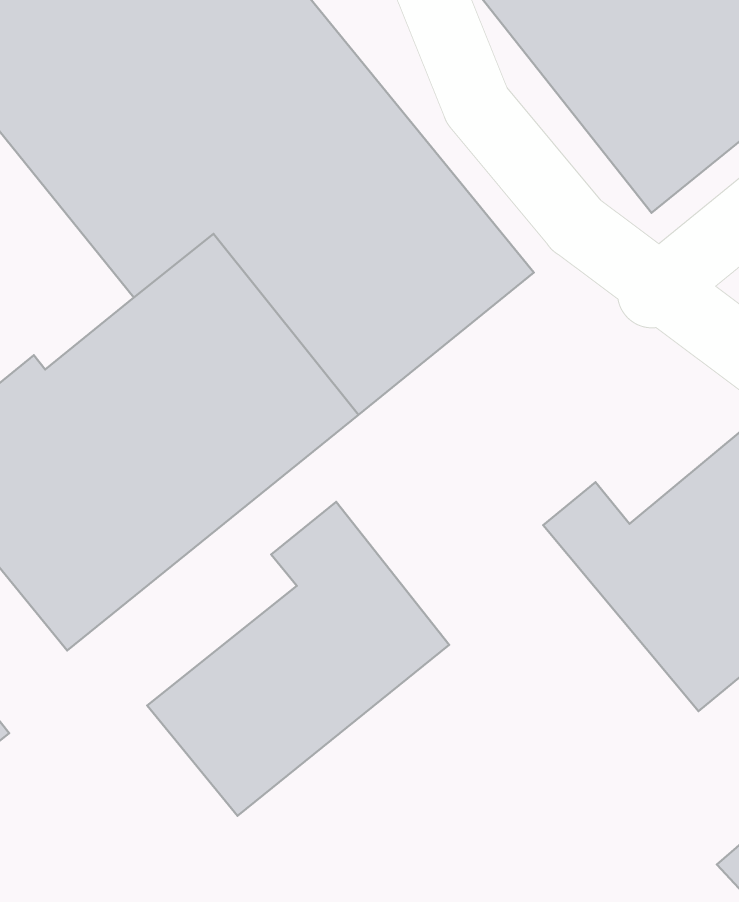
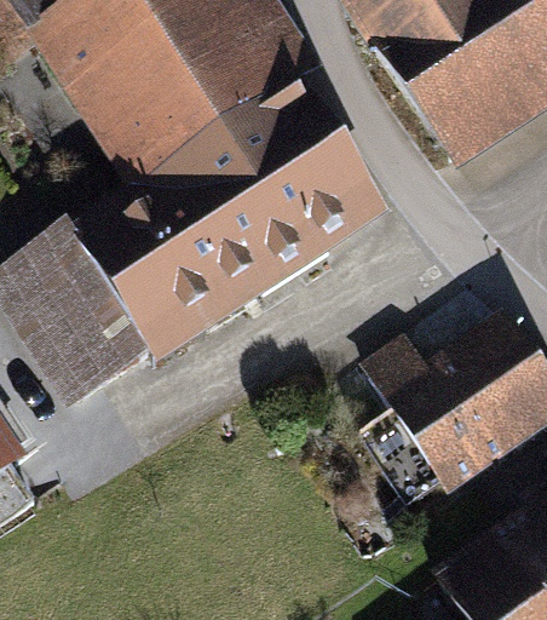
building: [147,502,449,816] -> none

